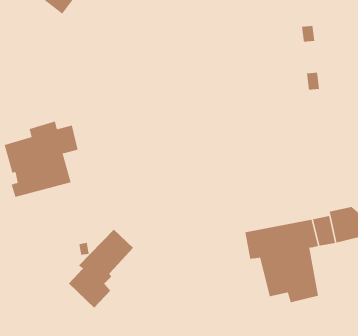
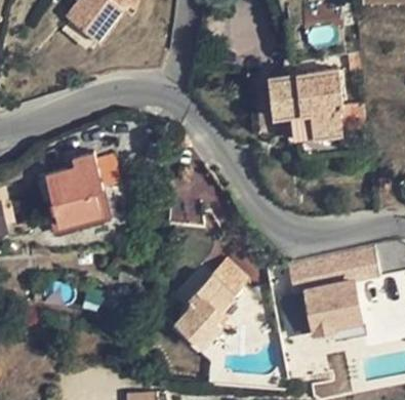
building: none -> [269,74,342,137]
building: [68,229,134,308] -> [177,265,245,347]

